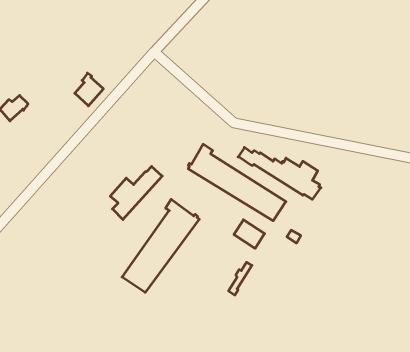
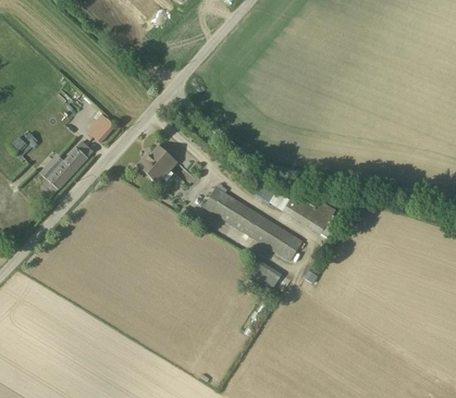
building: none -> [138,146,178,185]
building: [110,166,162,220] -> [40,141,94,196]
building: [122,199,199,292] -> none

